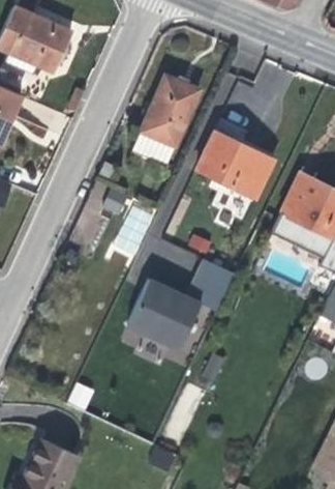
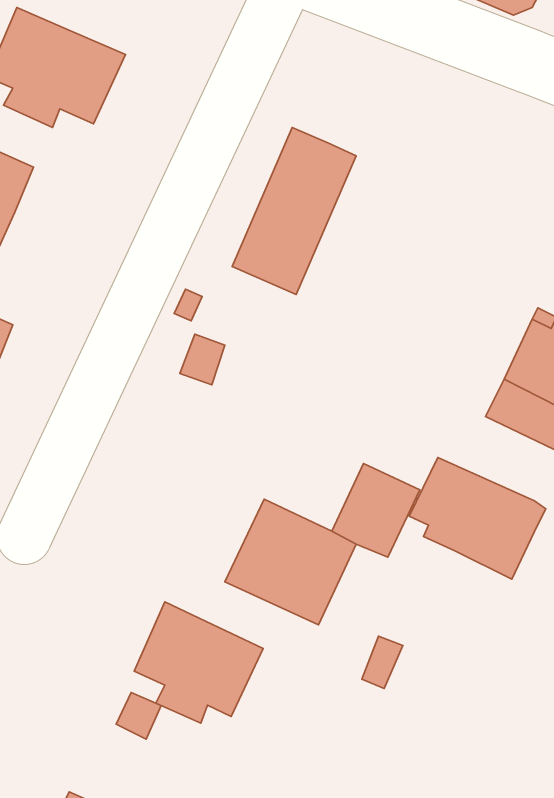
building: [196,131,273,197] -> none
building: none -> [409,457,546,579]
building: none -> [134,602,263,723]

